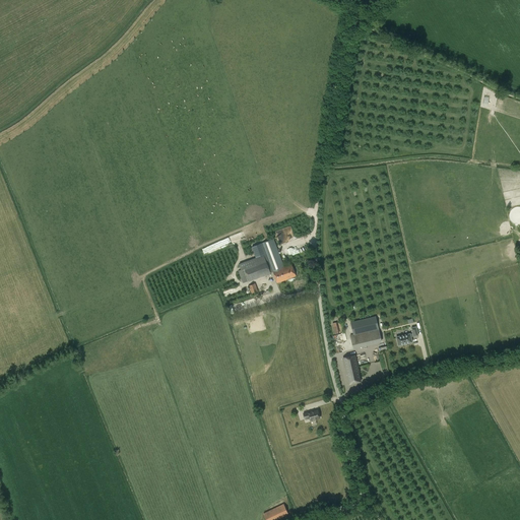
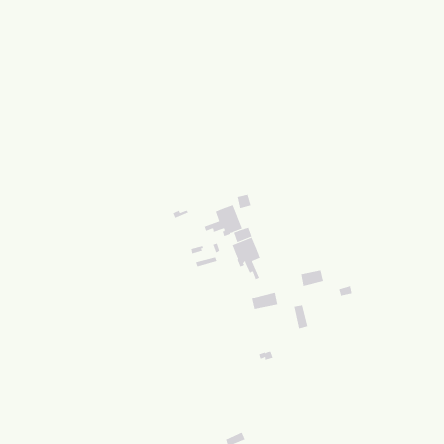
building: none -> [232,237,260,280]
building: [349,329,381,349] -> [251,292,278,310]

